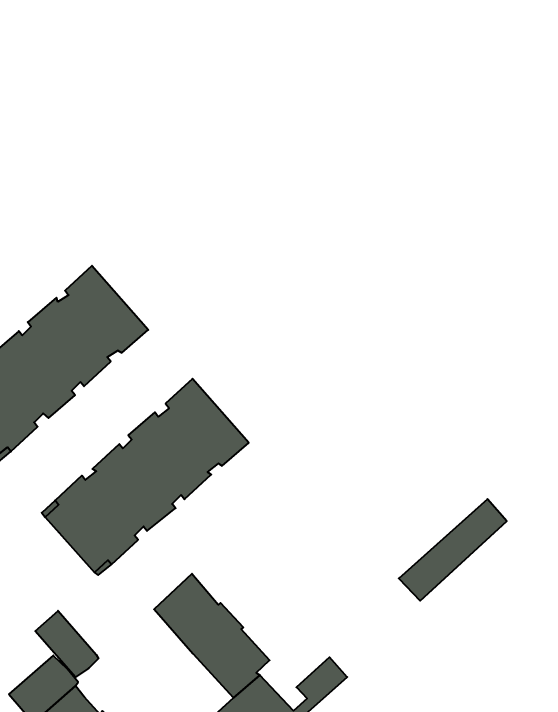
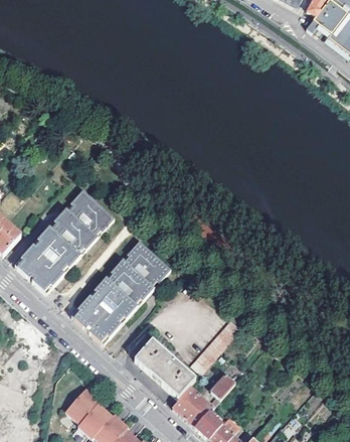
building: [399,499,507,601] -> [190,319,241,375]
building: [35,611,98,677] -> none

